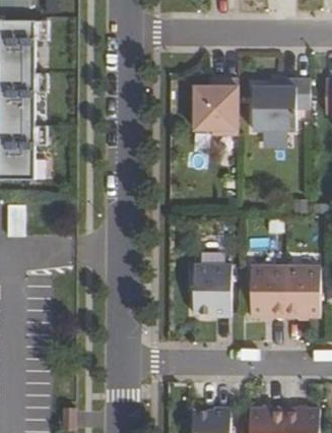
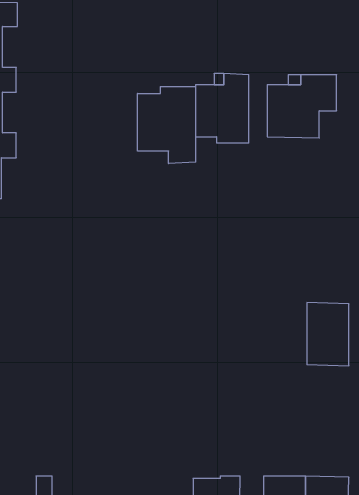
building: none -> [138,87,196,164]
building: [192,264,229,316] -> none
building: [250,265,284,316] -> none

